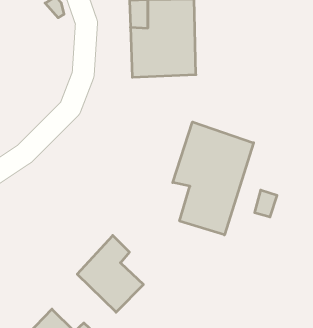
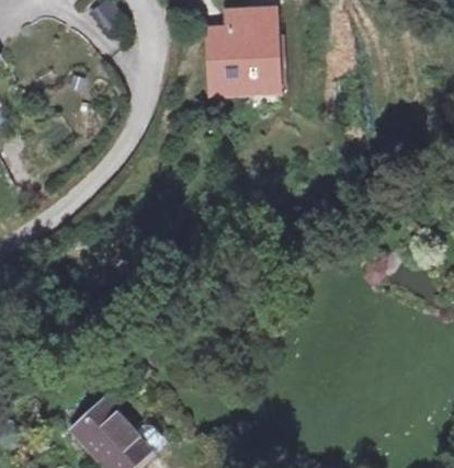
building: [173,122,254,235] -> none
building: [77,235,143,312] -> none

